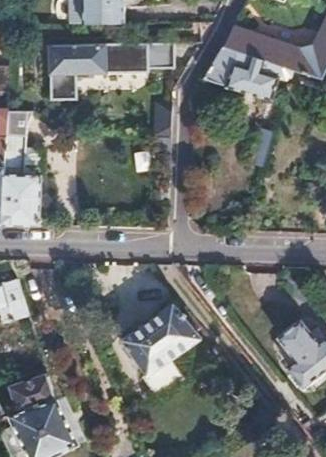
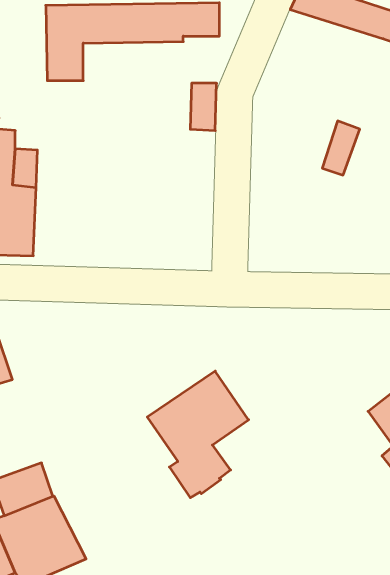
building: [204,47,291,99] -> none

